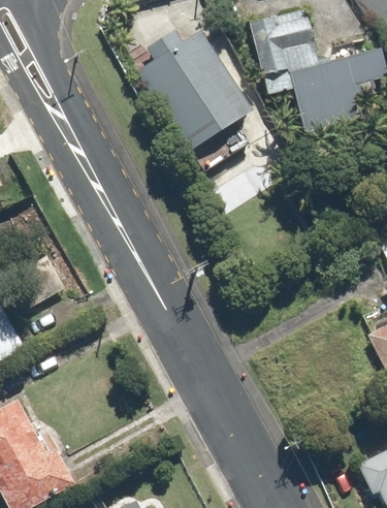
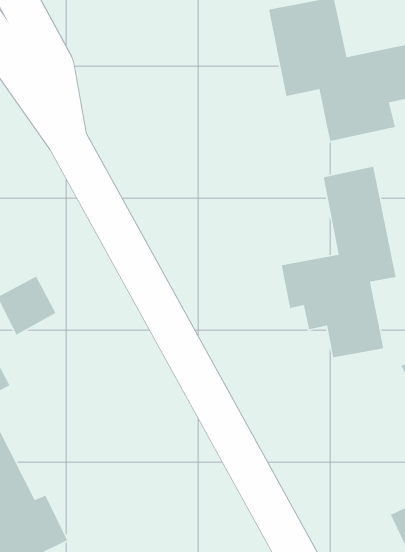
building: [139,29,254,156] -> none
building: none -> [281,166,397,358]

